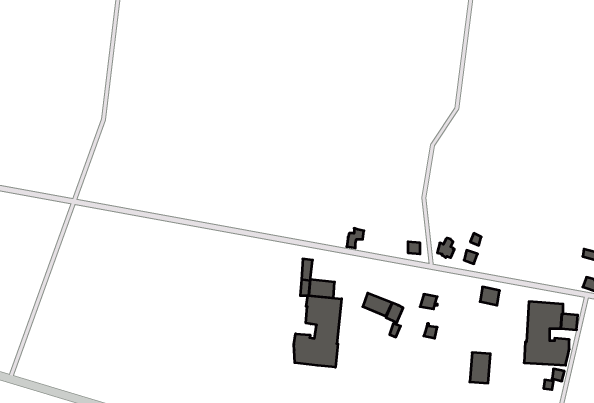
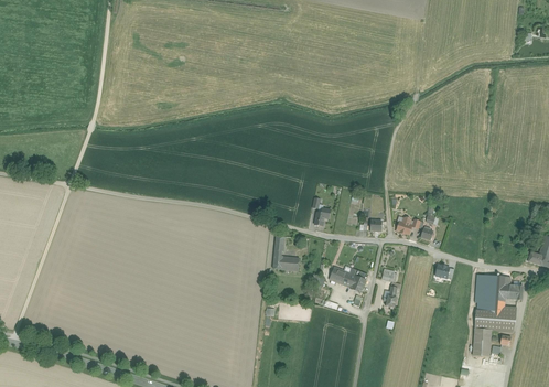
building: [294,296,342,367] -> none
building: [470,353,490,383] -> [472,330,491,357]

